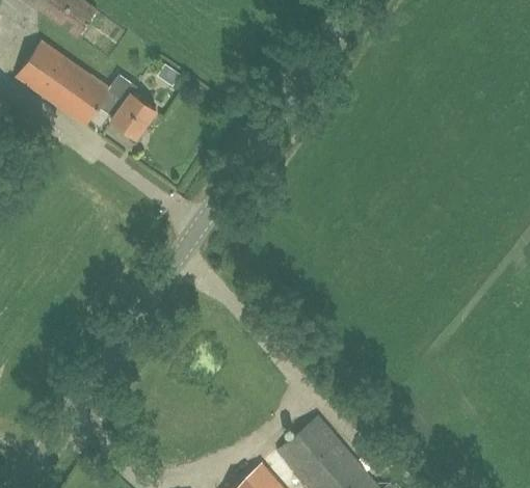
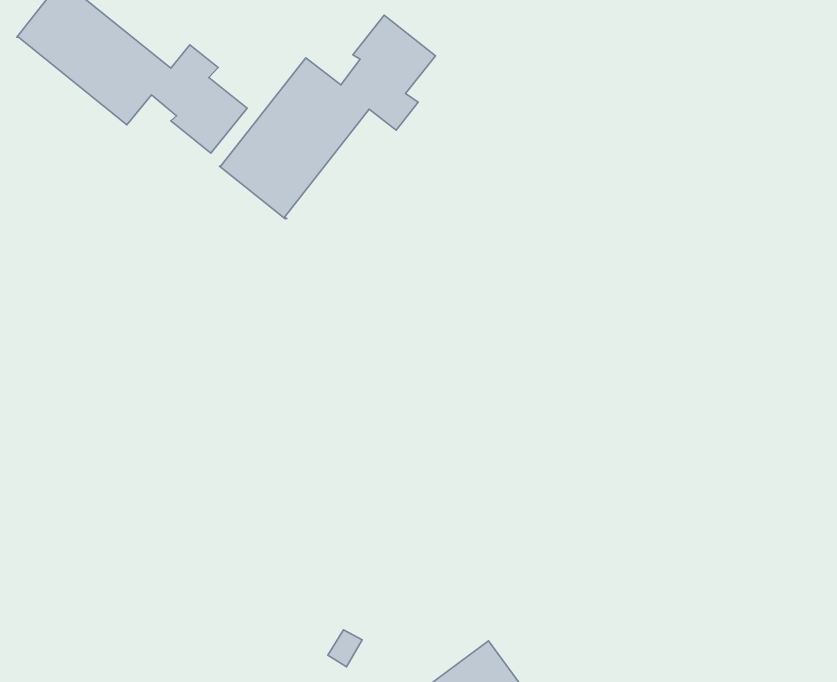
building: none -> [220,15,435,219]

